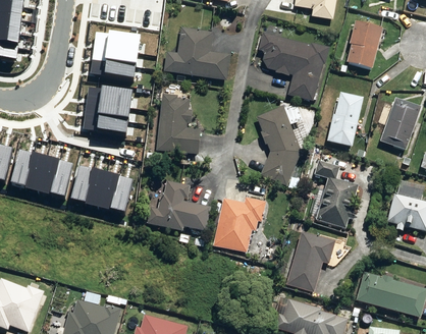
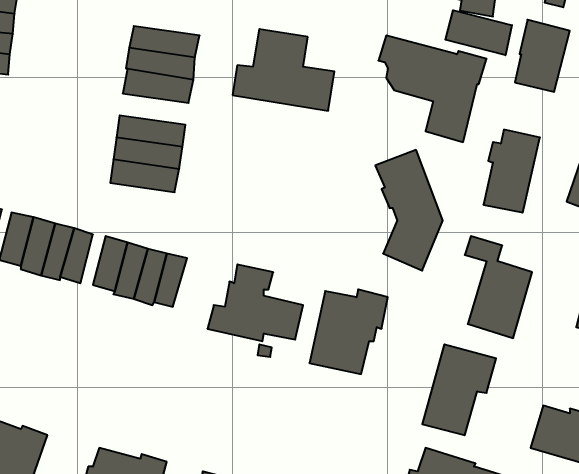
building: none -> [445,10,512,55]
building: [156,94,200,154] -> none

